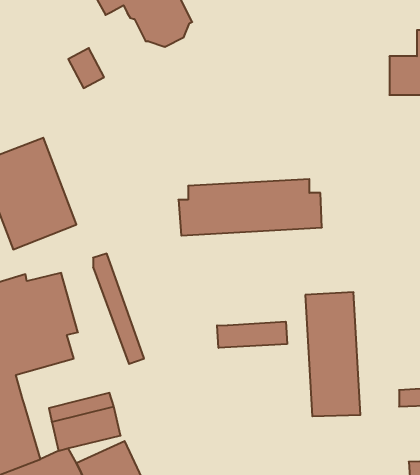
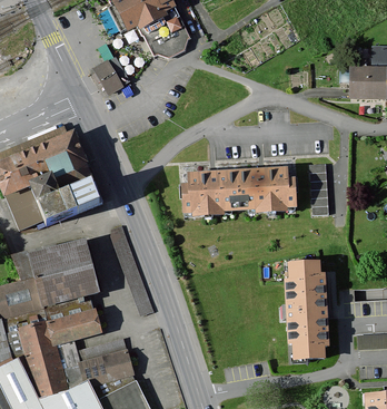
building: none -> [312,162,330,213]
building: [217,322,287,348] -> none
building: none -> [49,311,101,344]

